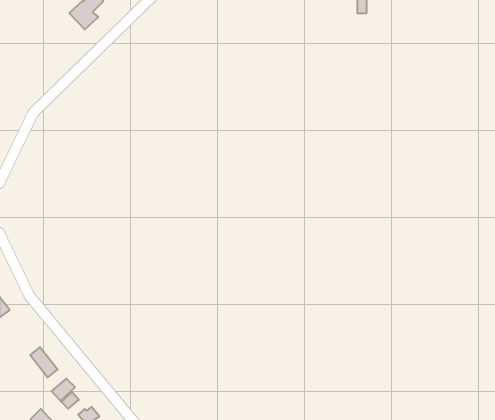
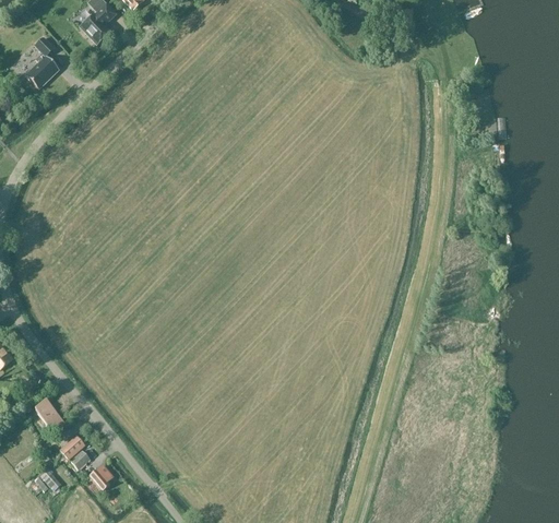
building: none -> [23,35,58,88]

